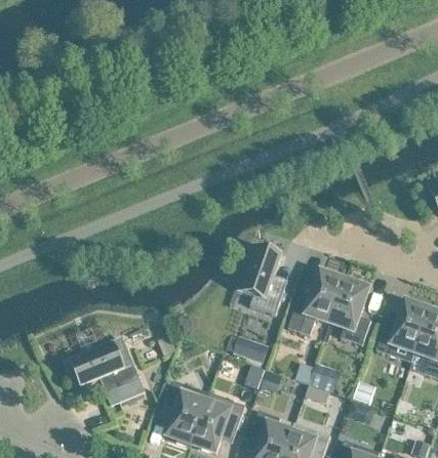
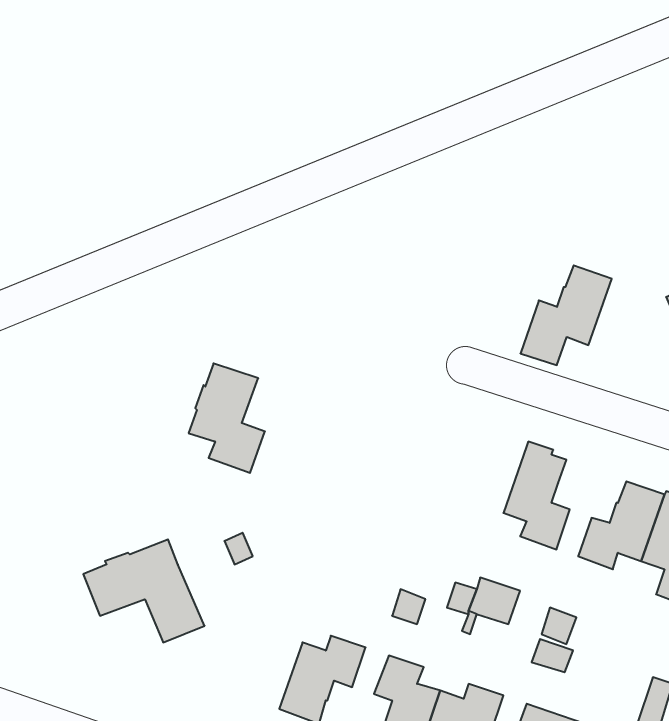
building: [238,247,285,315] -> [189,363,265,473]
building: [288,274,345,335] -> [520,265,612,365]
building: [233,336,269,363] -> none
building: [165,381,210,447] -> none

